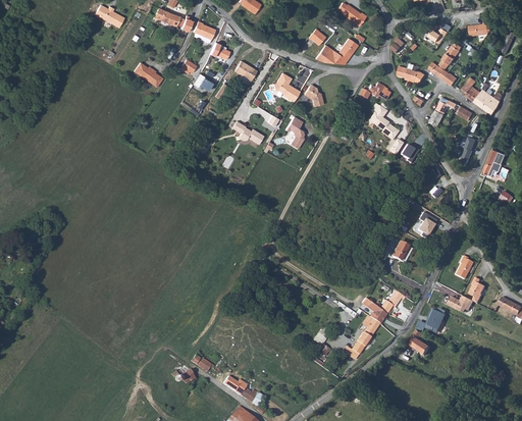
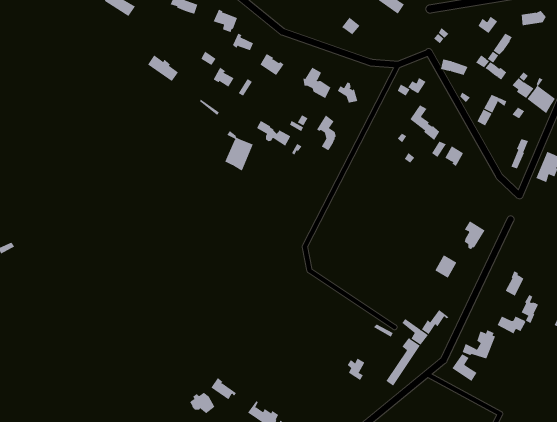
building: [315,38,358,63] -> none
building: none -> [224,130,254,171]

